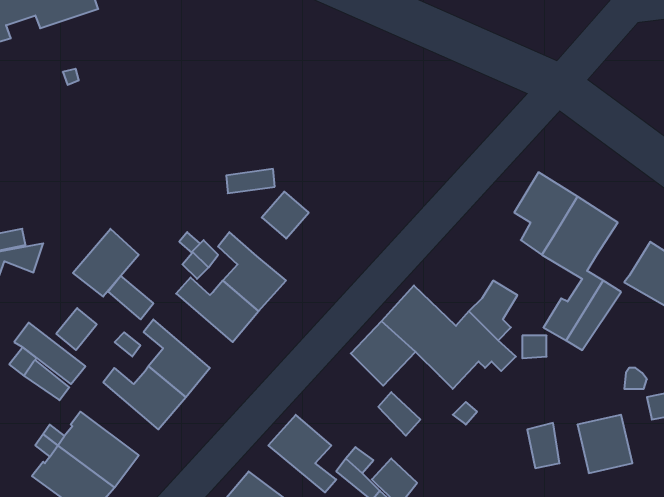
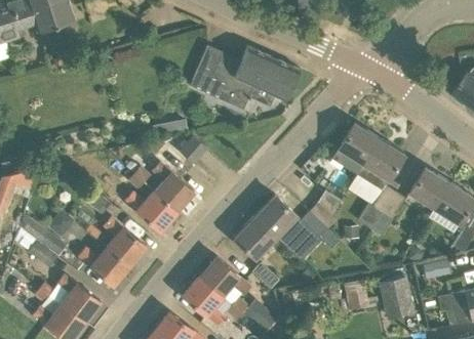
building: none -> [190,46,300,111]
building: [73,229,139,297] -> none
building: none -> [200,257,251,296]

